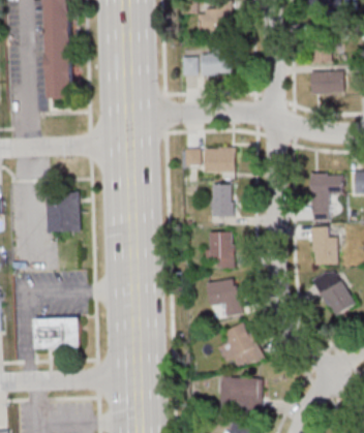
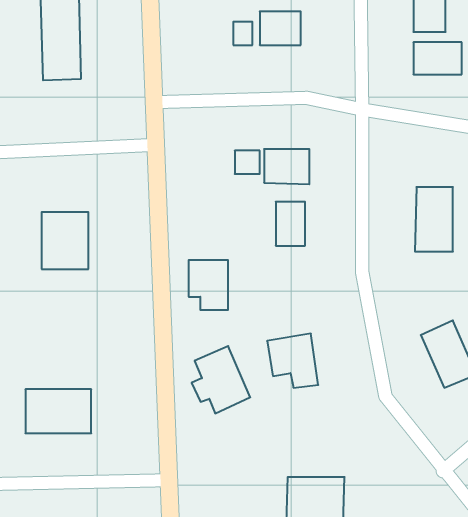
building: [313,227,337,265] -> none
building: [207,233,235,268] -> [189,260,228,310]
building: [220,322,262,370] -> [192,346,250,413]

